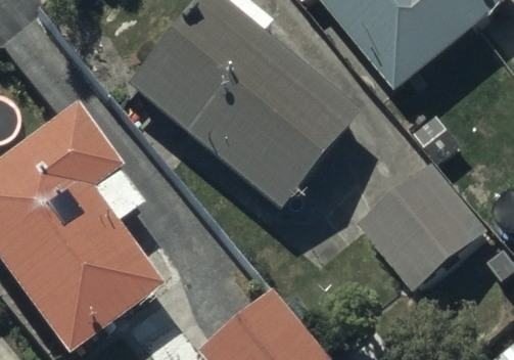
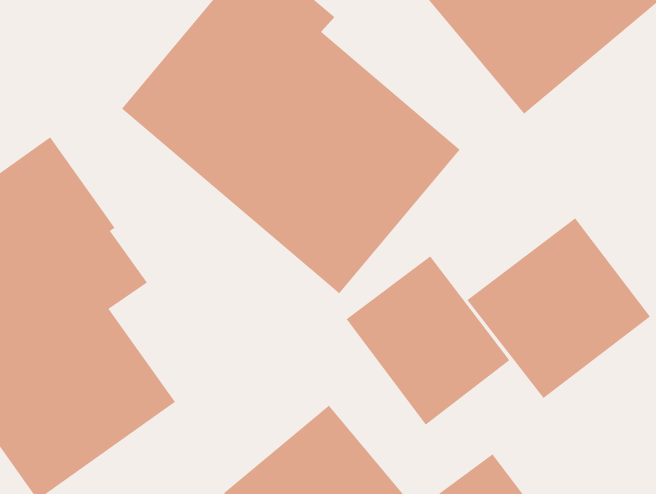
building: none -> [346,255,510,425]

